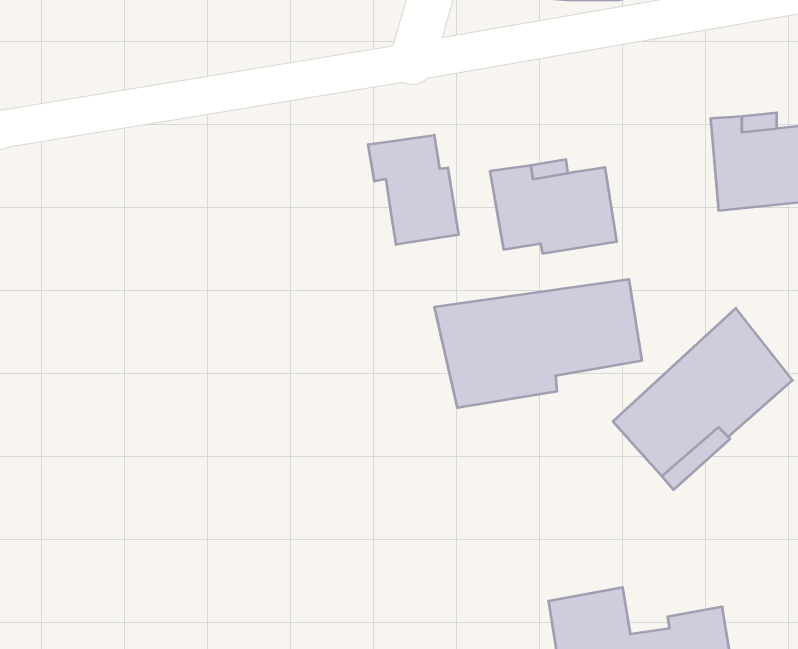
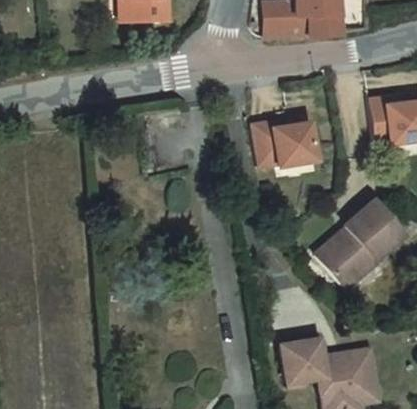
building: [368,135,459,245] -> none
building: [435,279,642,408] -> none

